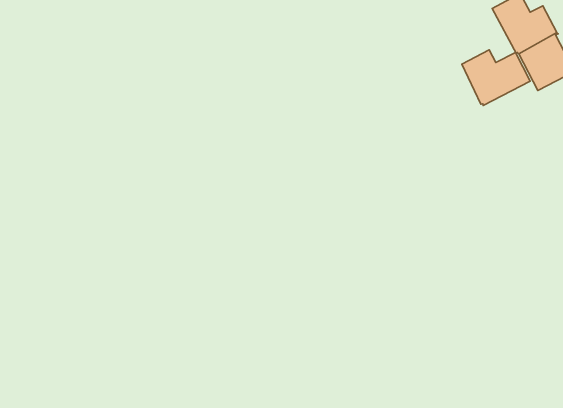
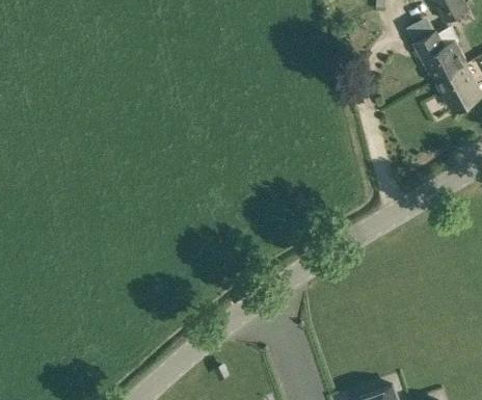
building: [462,50,530,106] -> none

